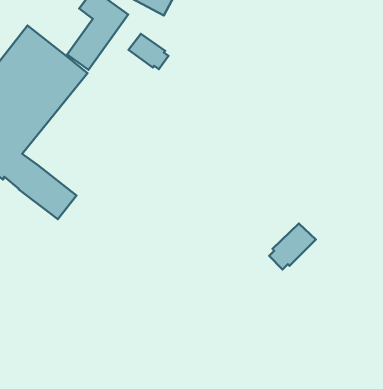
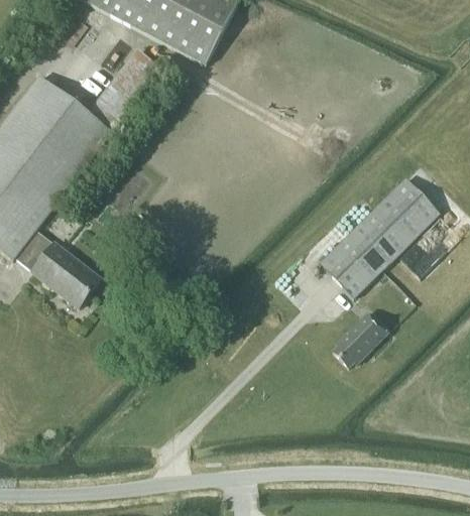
building: [129,34,169,69] -> none
building: none -> [317,179,437,298]

